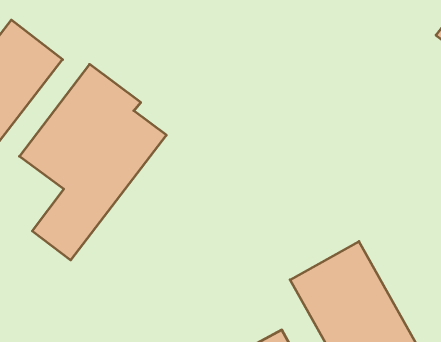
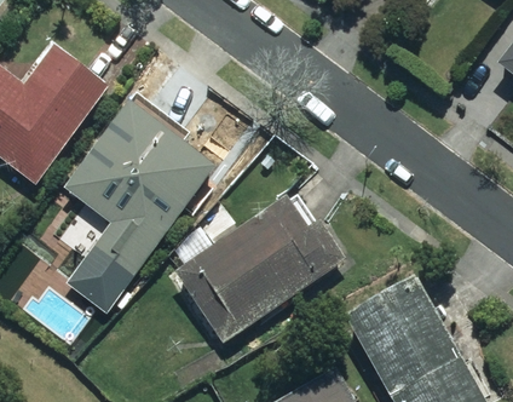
building: none -> [177,196,346,343]

